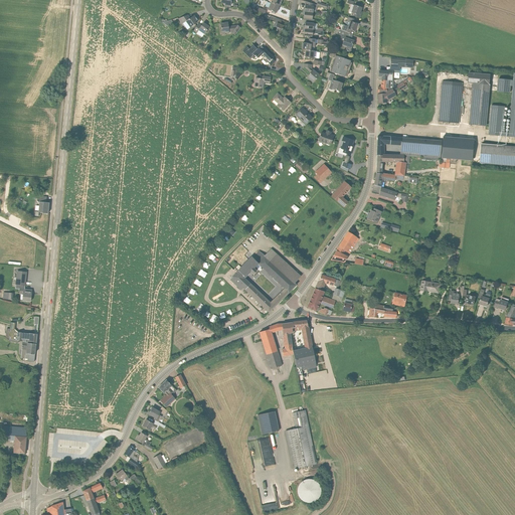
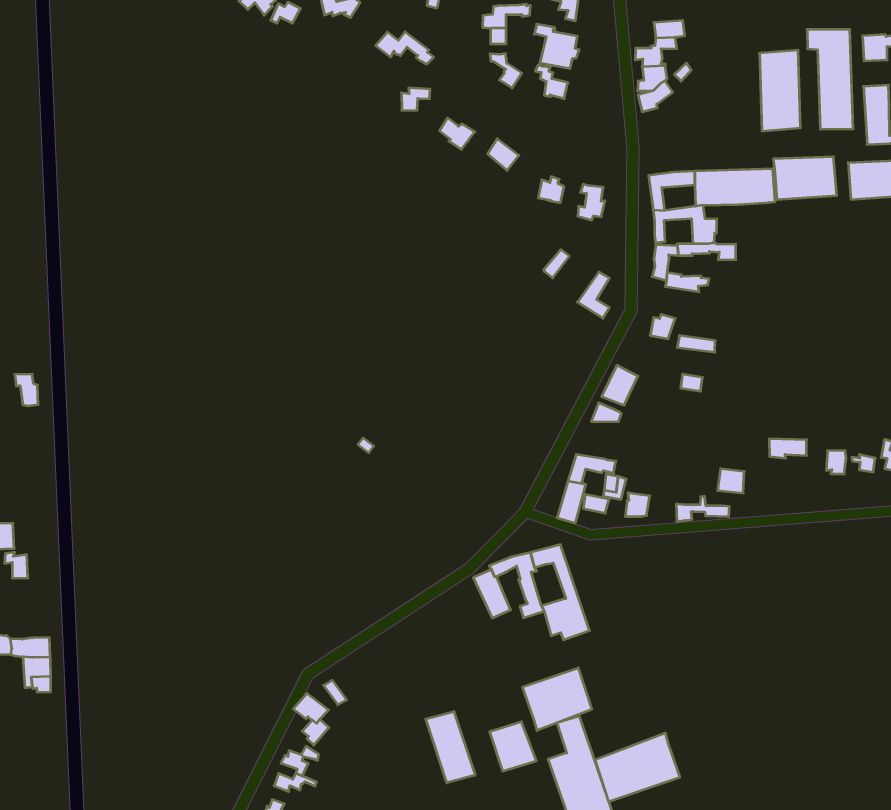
building: [230,249,300,311] -> none
building: none -> [523,668,592,731]
building: none -> [426,711,475,783]
building: none -> [595,733,680,802]

